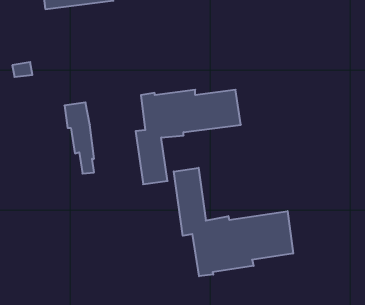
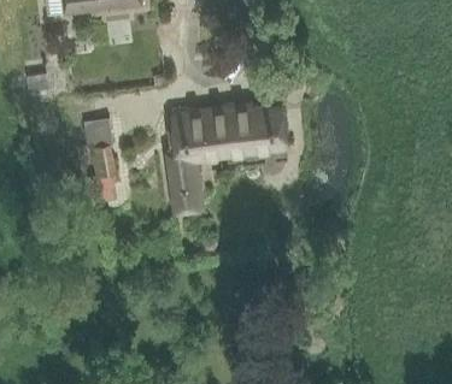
building: [174,168,293,276] -> none

